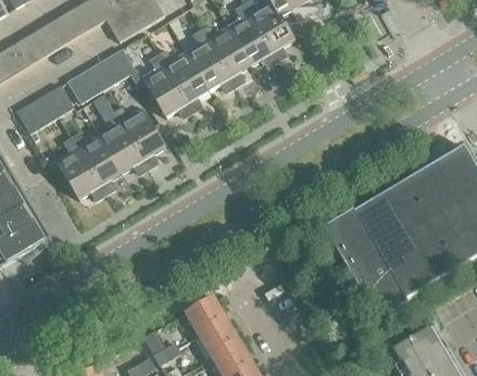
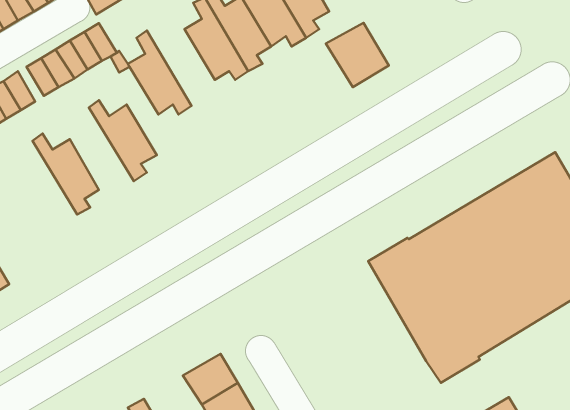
building: none -> [326,23,389,87]
building: [158,50,209,111] -> none
building: [100,112,148,174] -> none
building: [57,137,105,199] -> none

